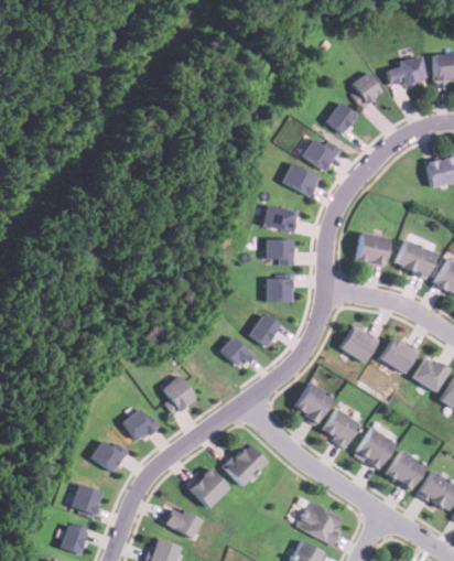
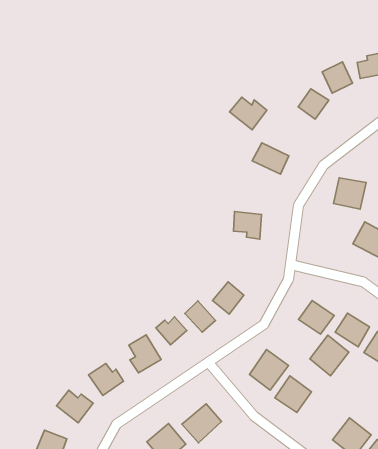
building: [302,138,342,172] -> [229,97,267,130]
building: [262,204,300,233] -> none
building: [356,235,389,267] -> [334,178,366,209]
building: [267,277,294,302] -> none
building: none -> [156,317,187,345]
building: [355,428,396,471] -> [310,335,349,376]

